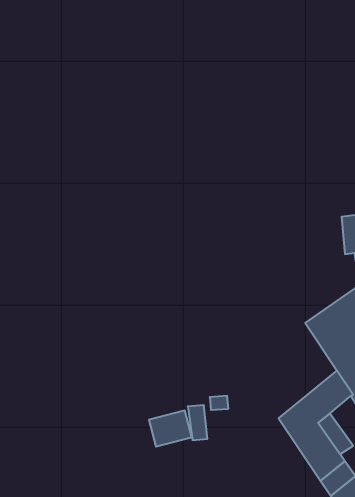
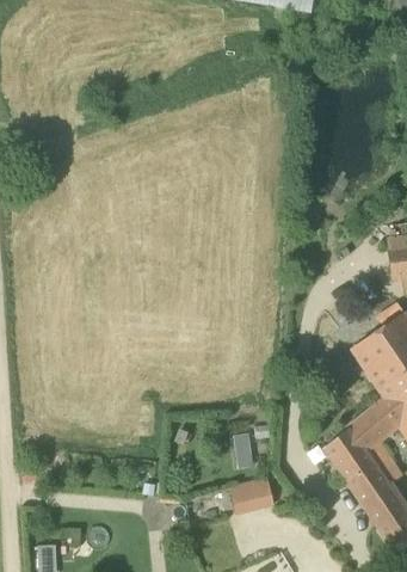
building: [149,411,192,447] -> [229,475,273,512]

